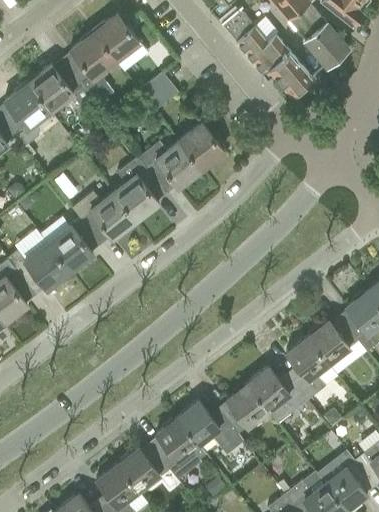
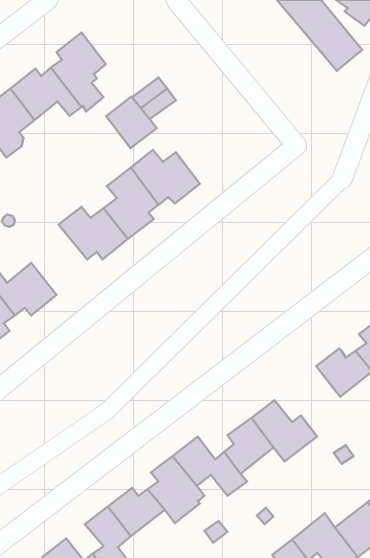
building: [223,9,313,97] -> none
building: [93,14,139,61] -> none
building: [179,123,225,170] -> [106,96,157,148]
building: [47,207,98,271] -> none
building: [286,336,329,400] -> none

